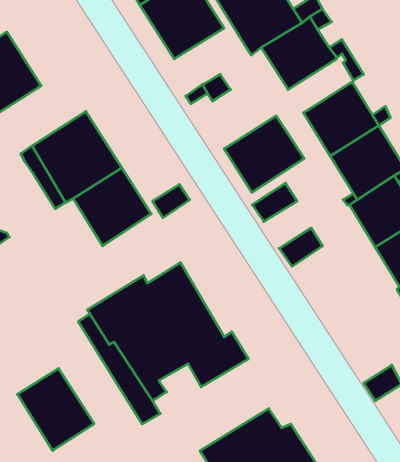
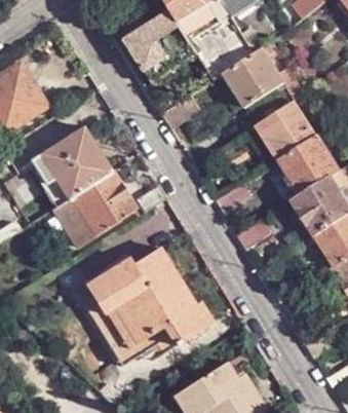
building: [224,116,304,192] -> none
building: none -> [49,194,94,246]
building: [17,368,94,451] -> none

